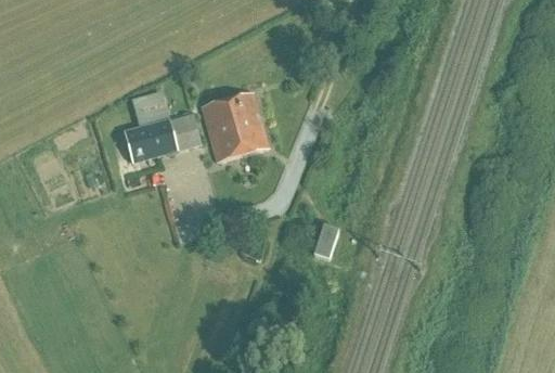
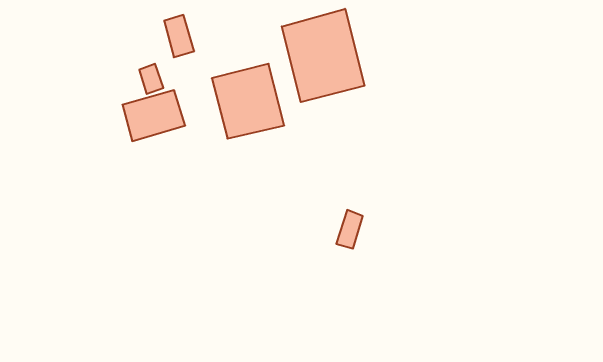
building: none -> [282,9,365,102]
building: [176,107,203,145] -> [164,15,194,57]

